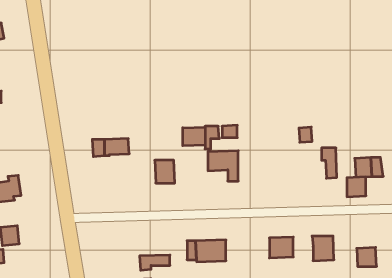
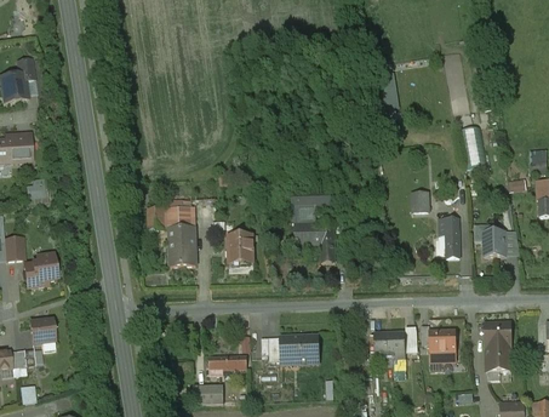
building: [183,127,205,146] -> none
building: none -> [168,224,195,264]
building: [347,177,366,197] -> [485,320,509,345]

